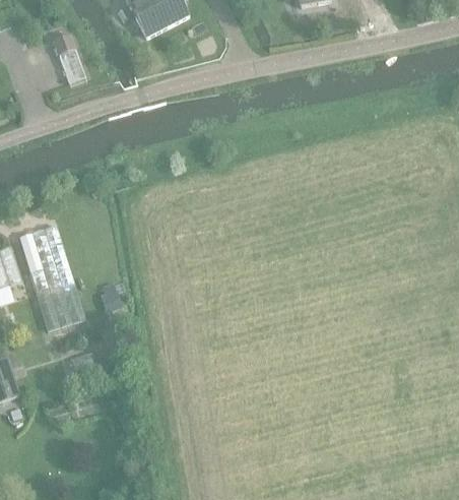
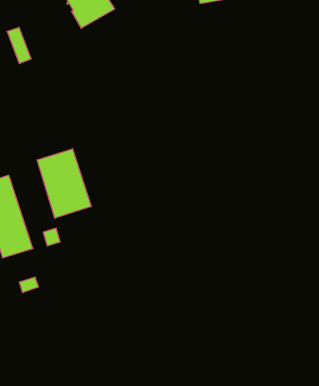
building: none -> [37,149,91,218]

